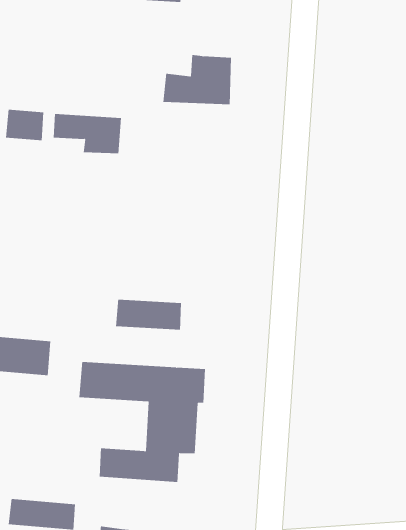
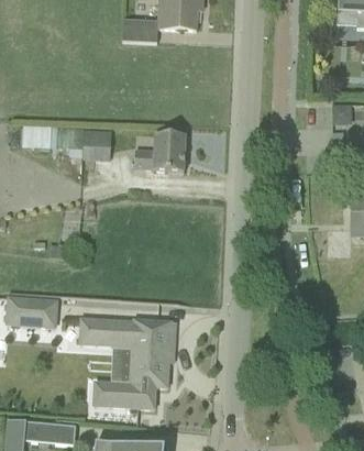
building: [163,54,232,105] -> [132,132,185,170]
building: [115,299,182,330] -> none

